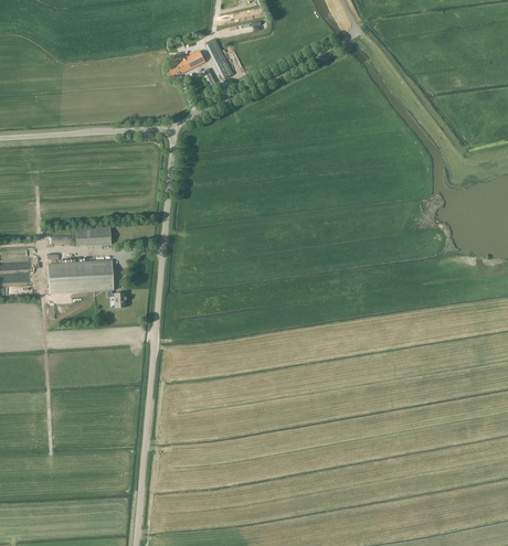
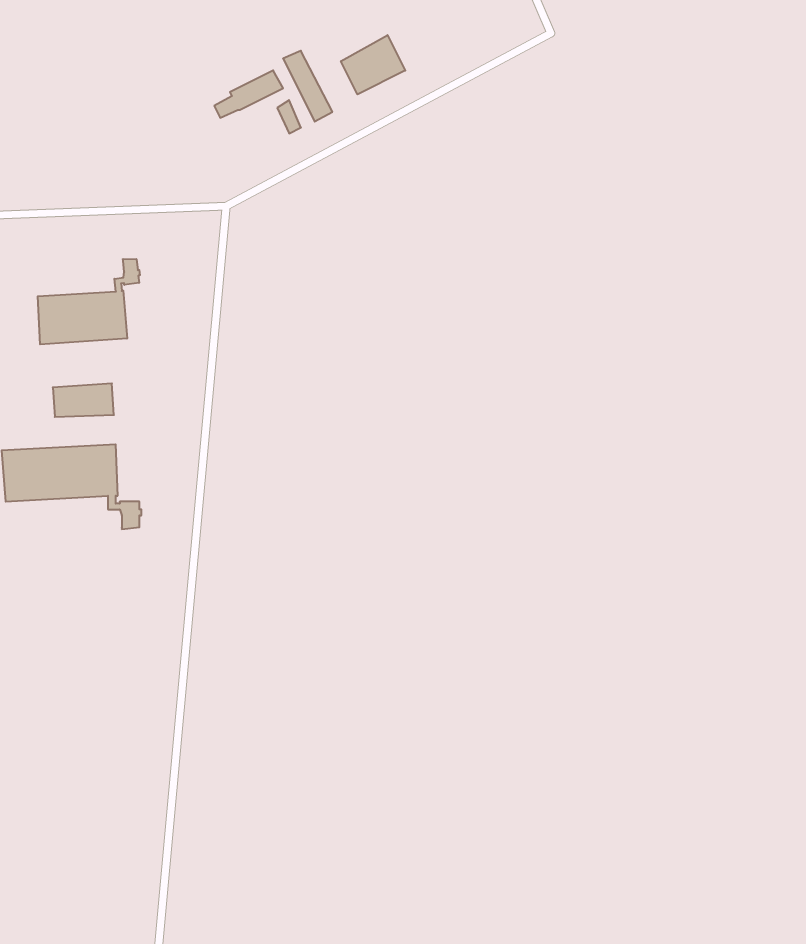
building: none -> [341,35,405,94]
building: none -> [38,259,140,344]

